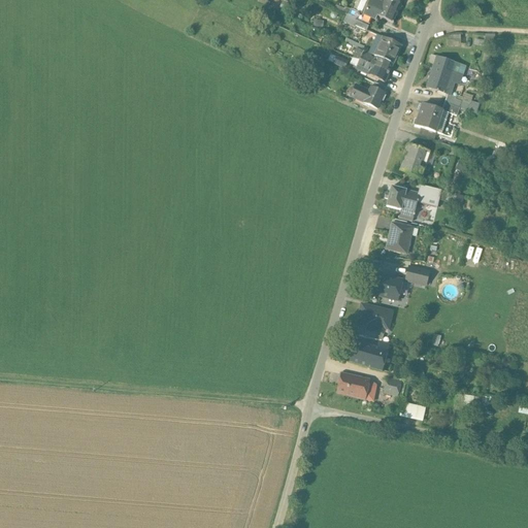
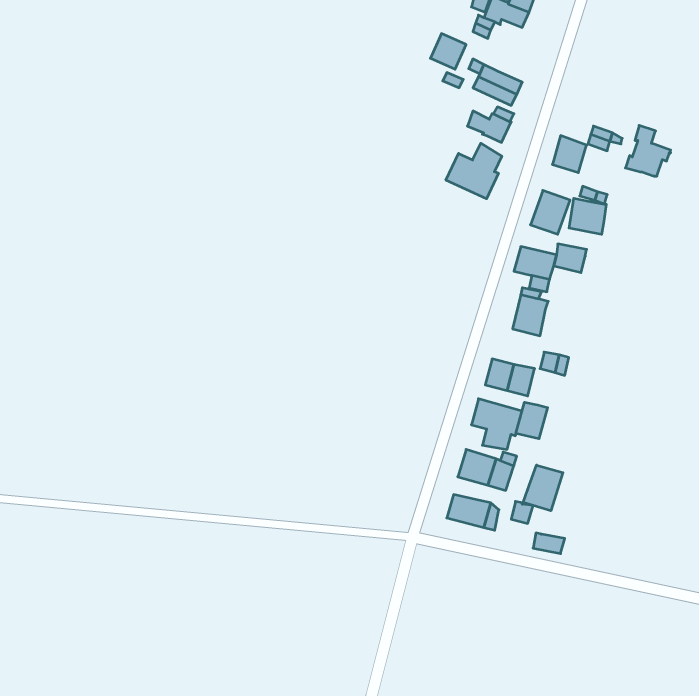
building: [375,35,402,62] -> [430,34,466,69]
building: [427,55,461,93] -> [625,125,671,176]
building: none -> [446,143,502,199]
building: none -> [569,198,606,234]
building: none -> [516,402,548,439]
building: none -> [523,465,563,511]

